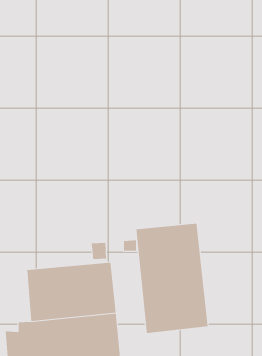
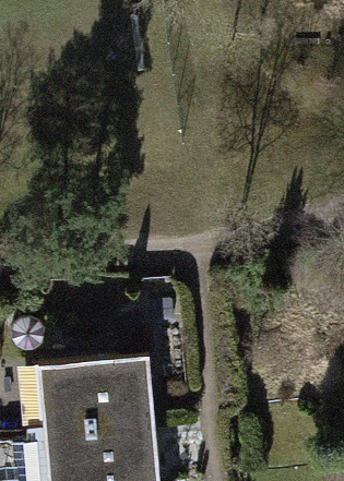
building: [136,223,208,334] -> none

